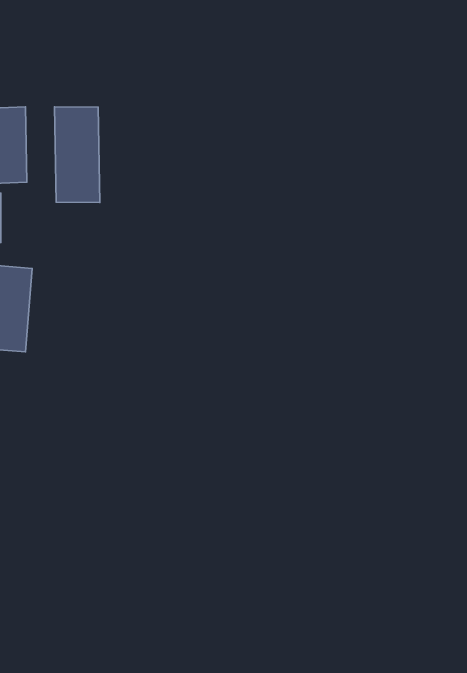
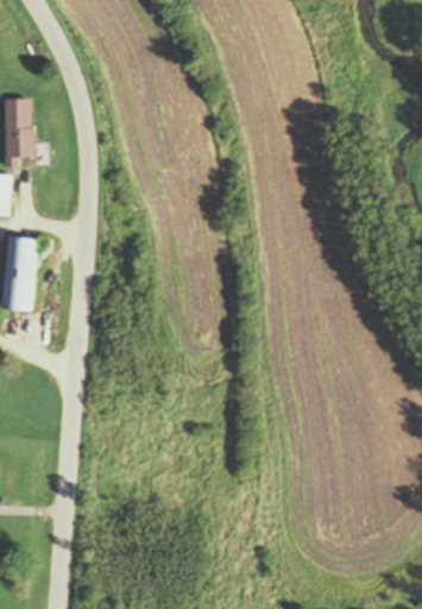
building: [54,107,100,202] -> none

